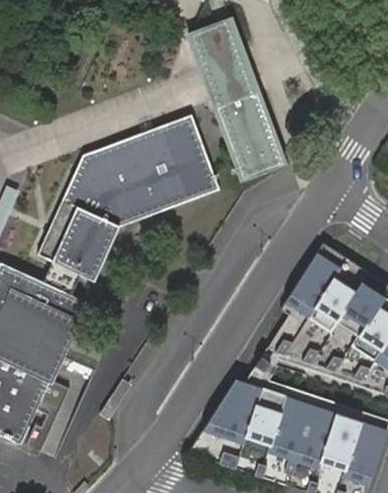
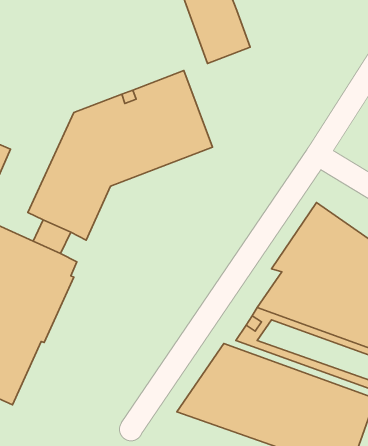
building: [215,90,285,180] -> none

